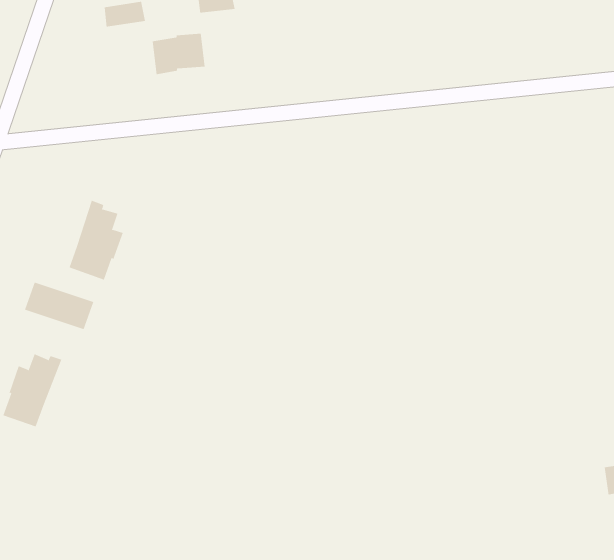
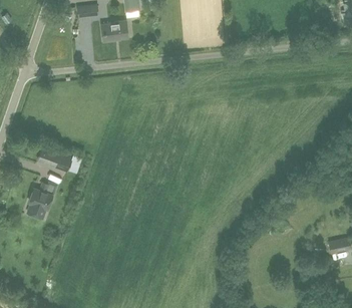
building: [69,200,123,280] -> none

